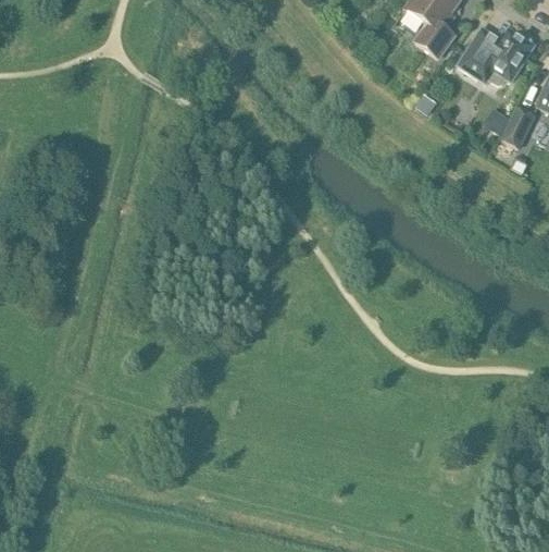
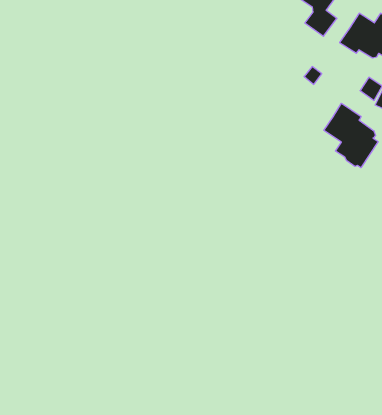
building: none -> [324,103,378,168]

